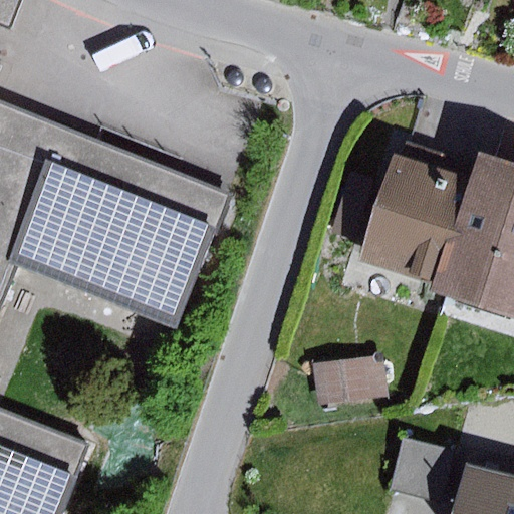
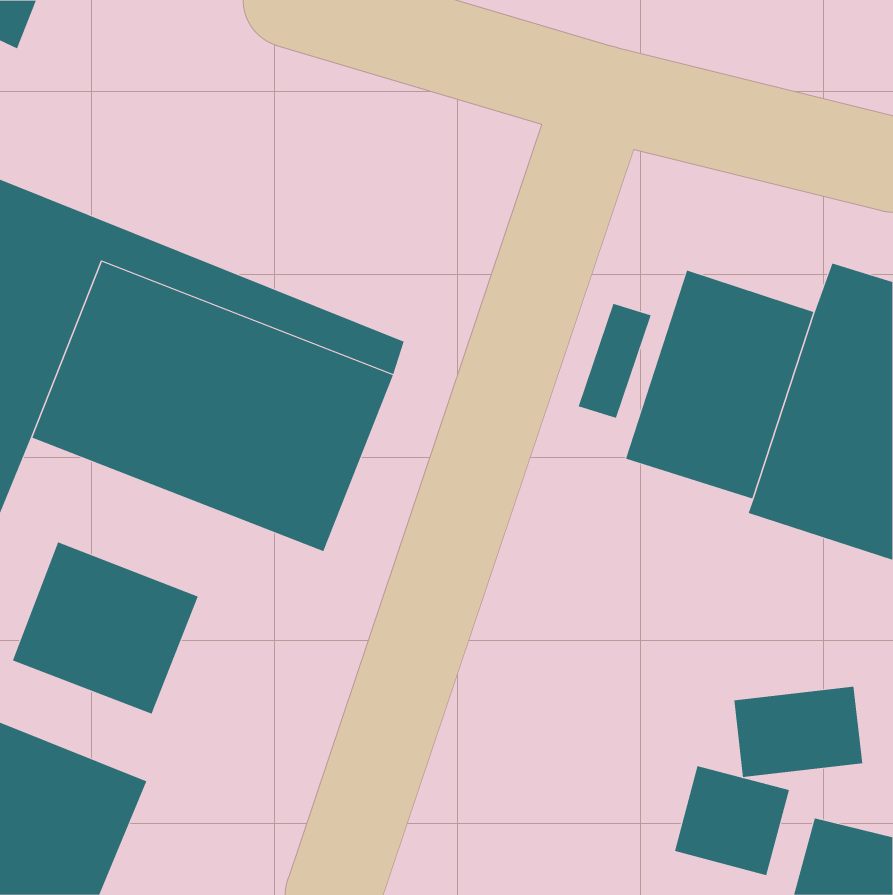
building: none -> [12,542,199,715]
building: [312,356,387,409] -> [734,686,863,777]

